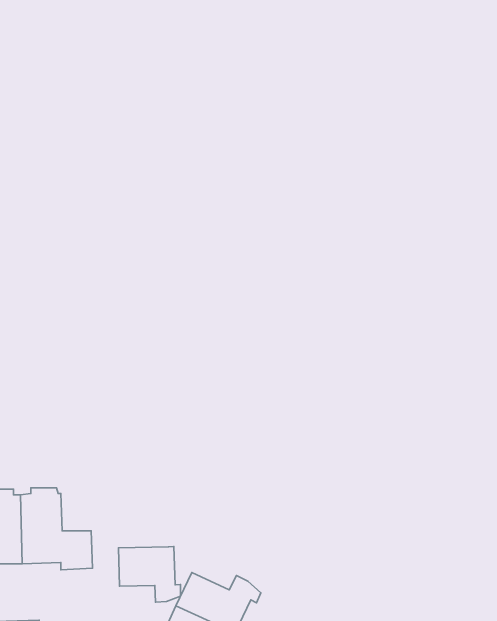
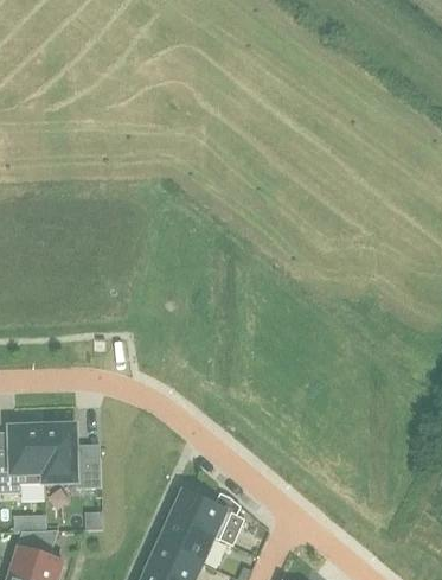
building: [118,547,181,602] -> none

